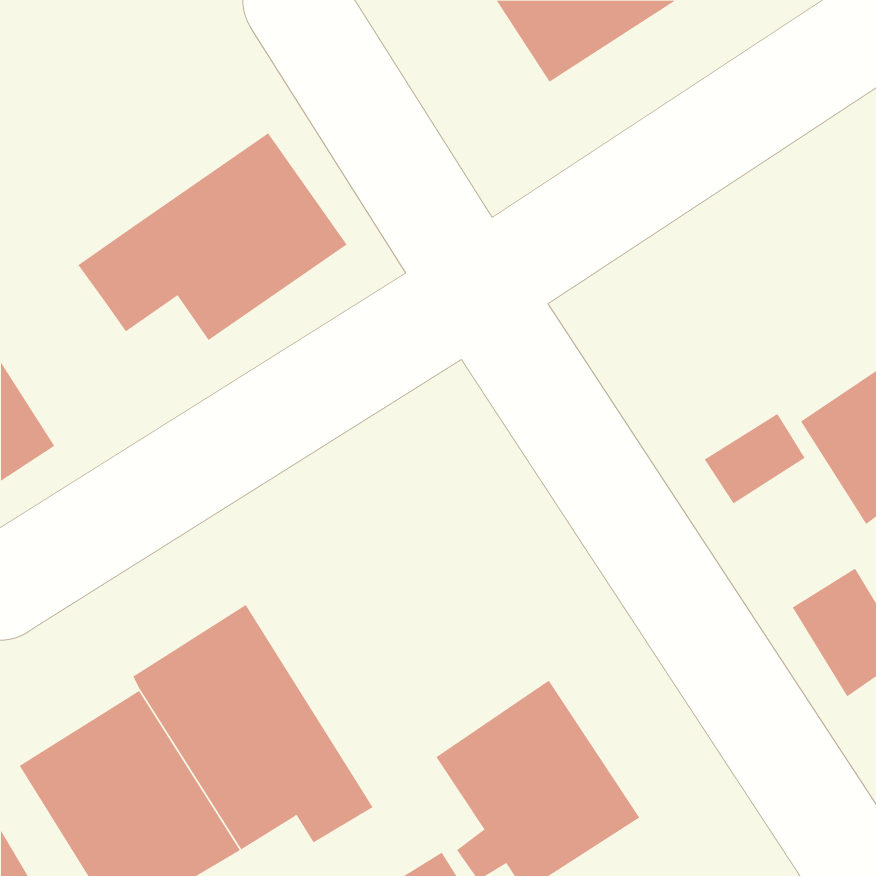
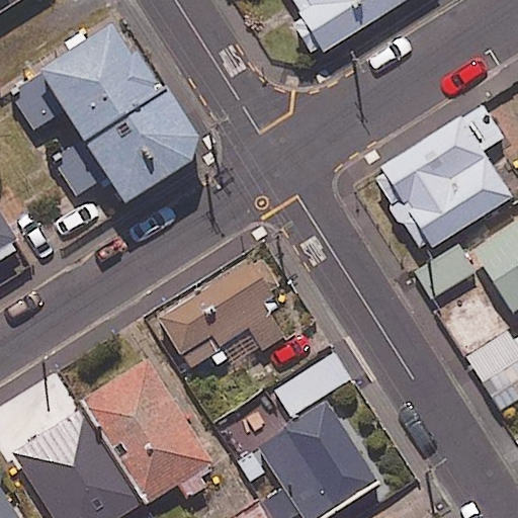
building: none -> [7,13,160,135]
building: none -> [374,104,511,251]
building: none -> [157,256,284,372]

